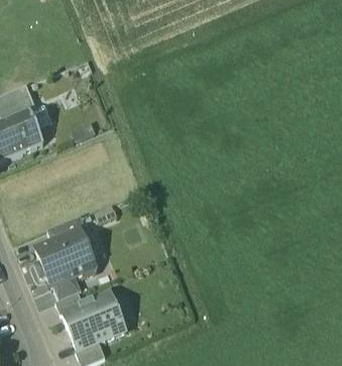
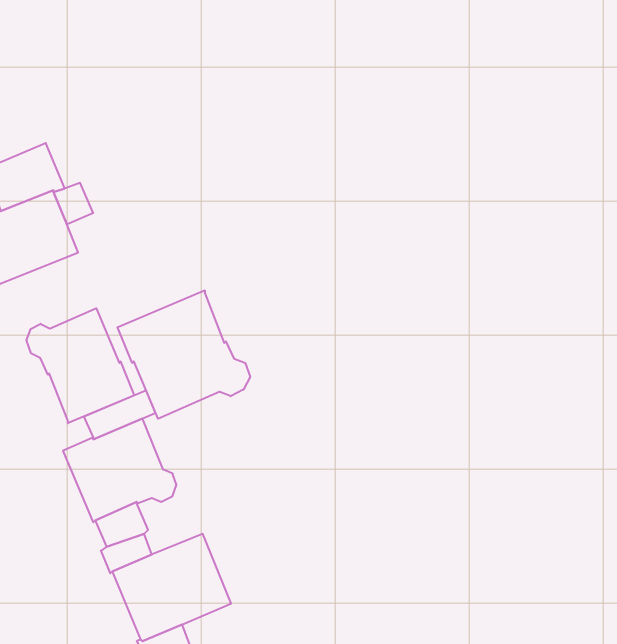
building: none -> [118,290,250,419]
building: none -> [27,308,134,423]

